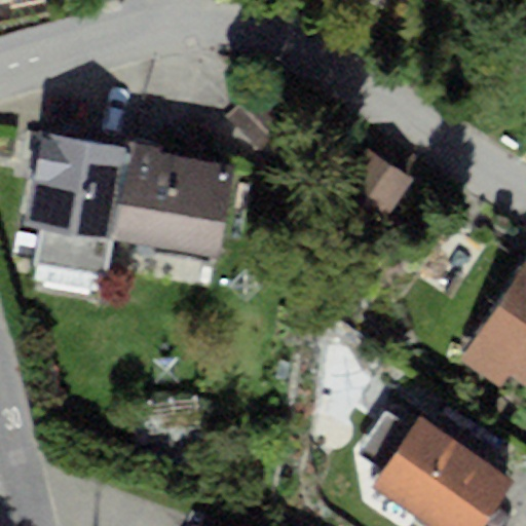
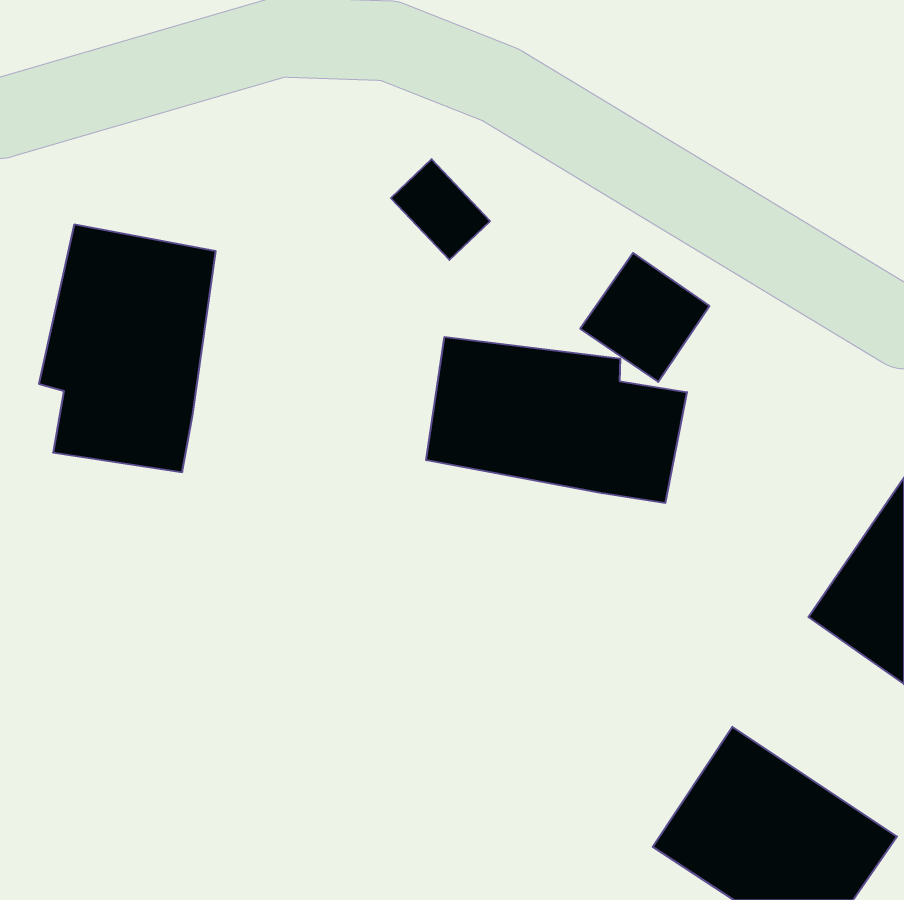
building: [112,139,235,257] -> none
building: none -> [426,337,687,503]

